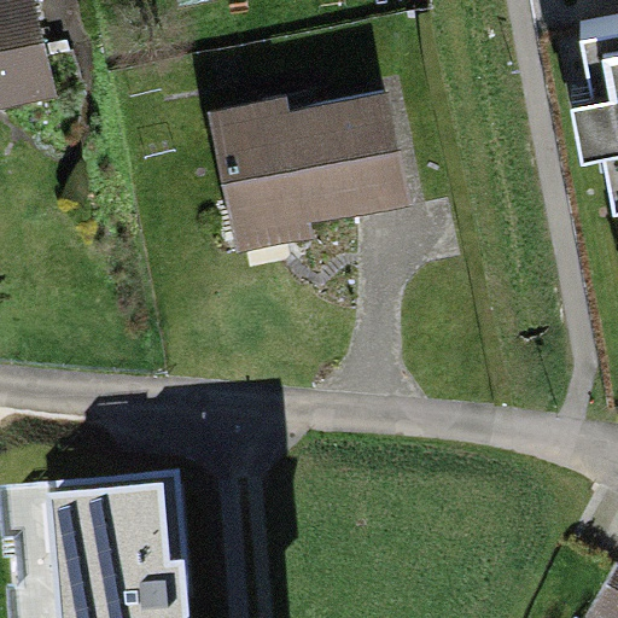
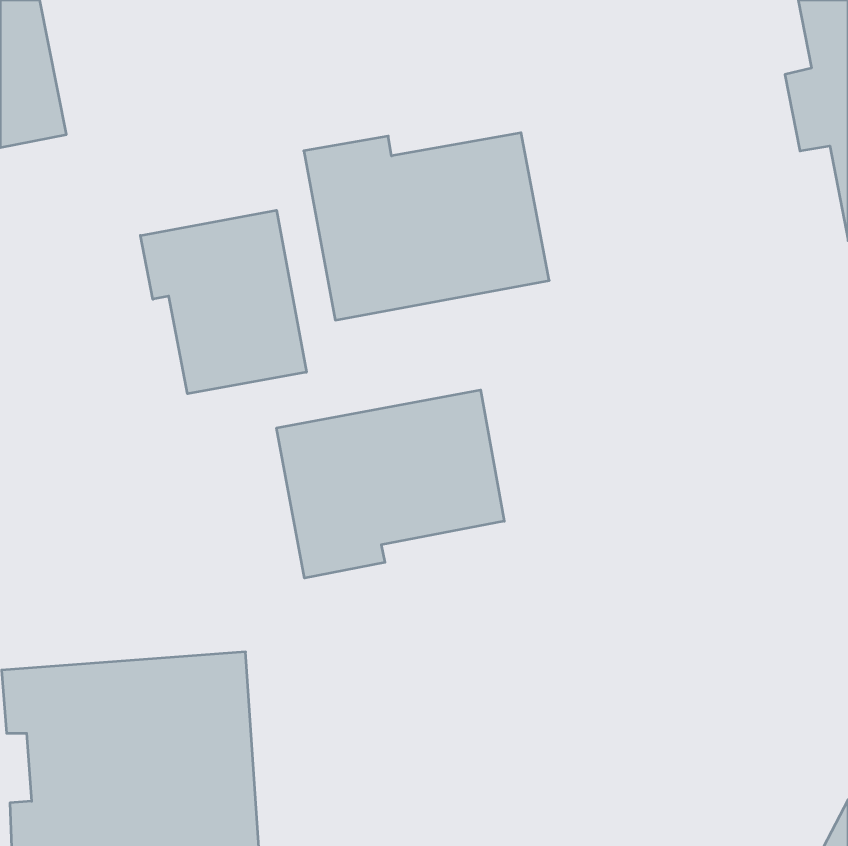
building: none -> [140,210,306,394]
building: none -> [277,390,504,578]

